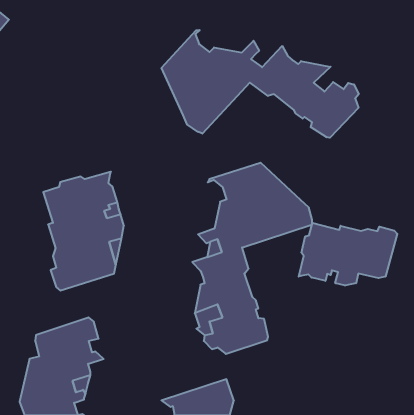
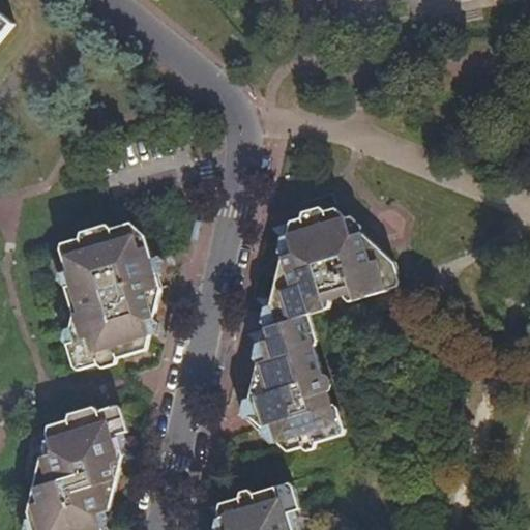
building: [162,30,359,138] -> none
building: [299,223,397,286] -> none

